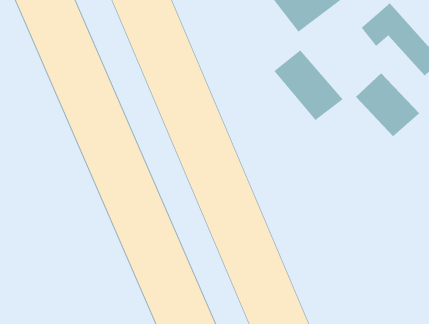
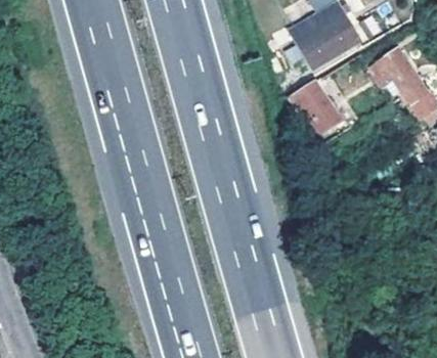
building: [355,73,420,137] -> none

